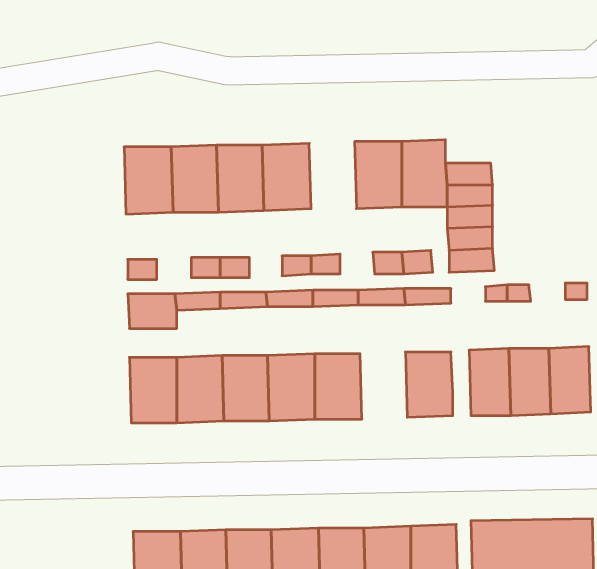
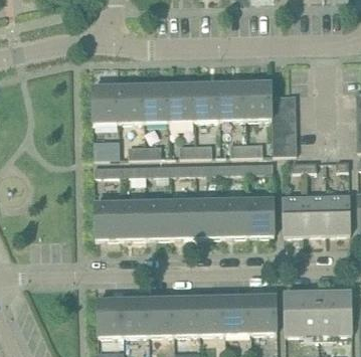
building: none -> [194,82,220,120]
building: none -> [222,199,248,236]

